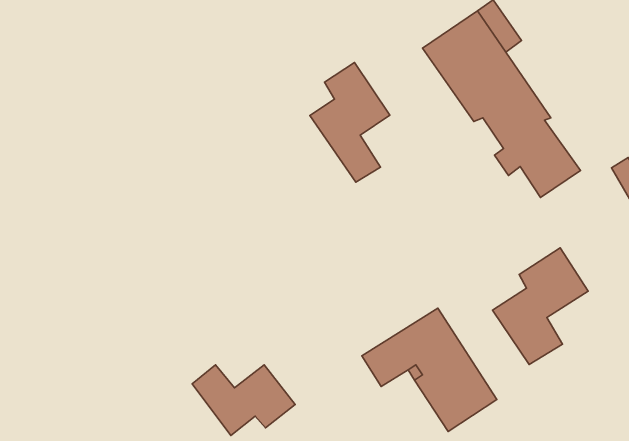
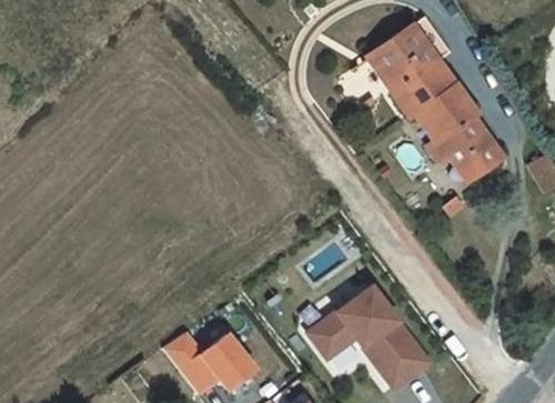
building: [310,62,390,182] -> none
building: [492,248,588,364] -> none

